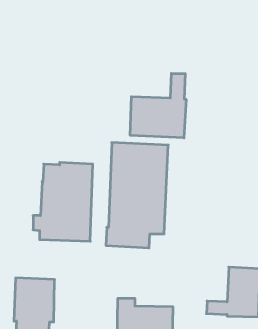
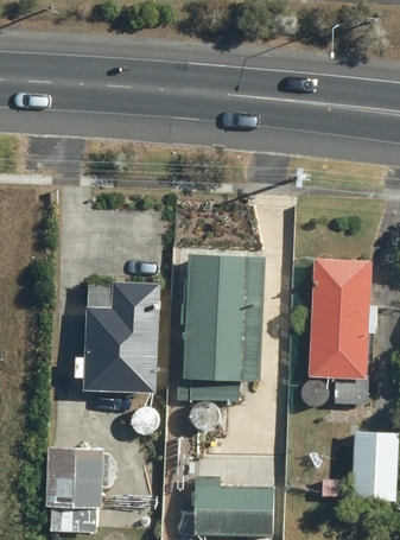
building: [130,73,186,138] -> none
building: none -> [307,258,376,405]

